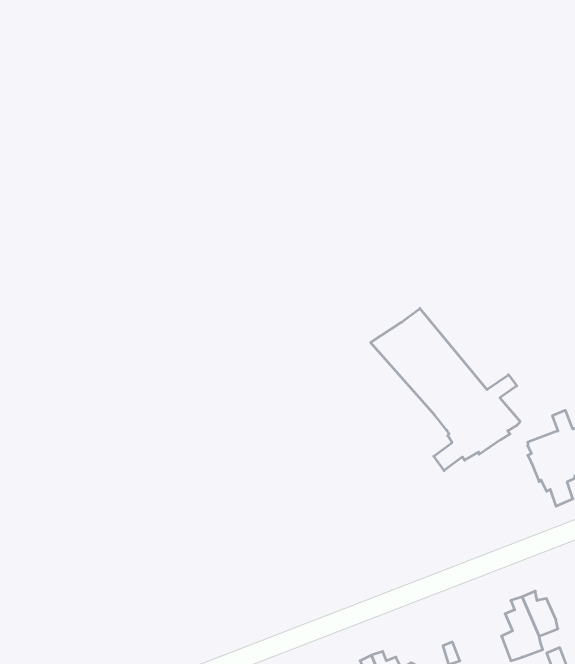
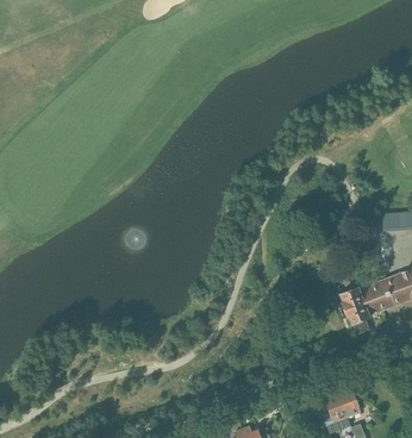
building: [371,308,520,471] -> none

